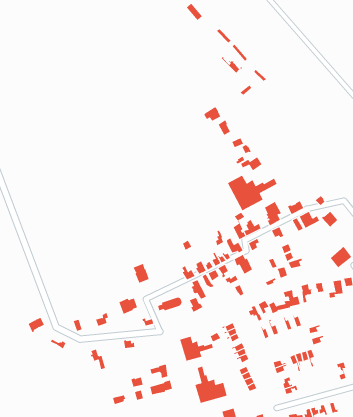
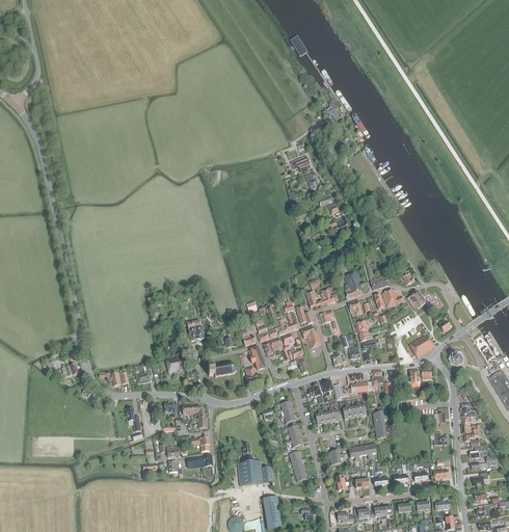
building: [227,175,277,211] -> none
building: [180,336,213,362] -> none

